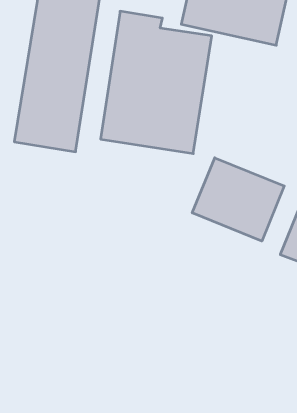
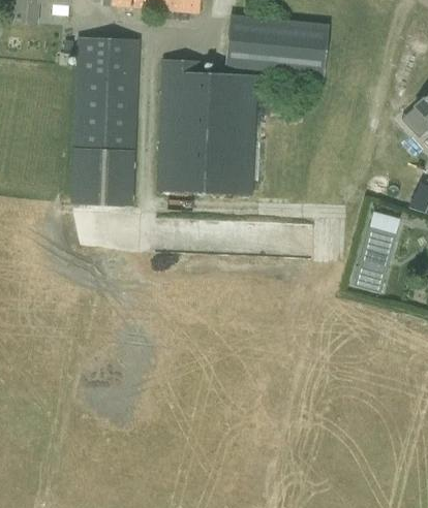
building: [192,158,284,241] -> none

